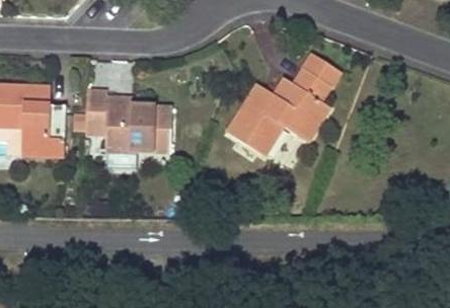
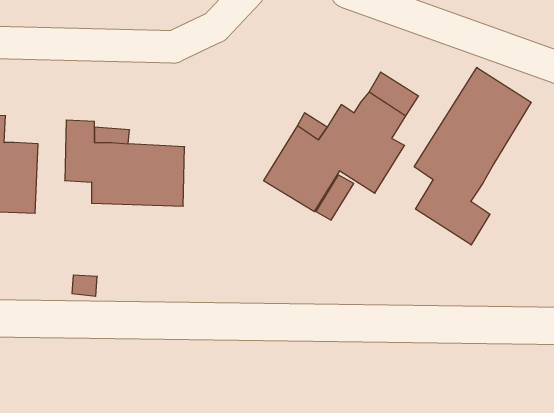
building: none -> [414,67,531,245]

